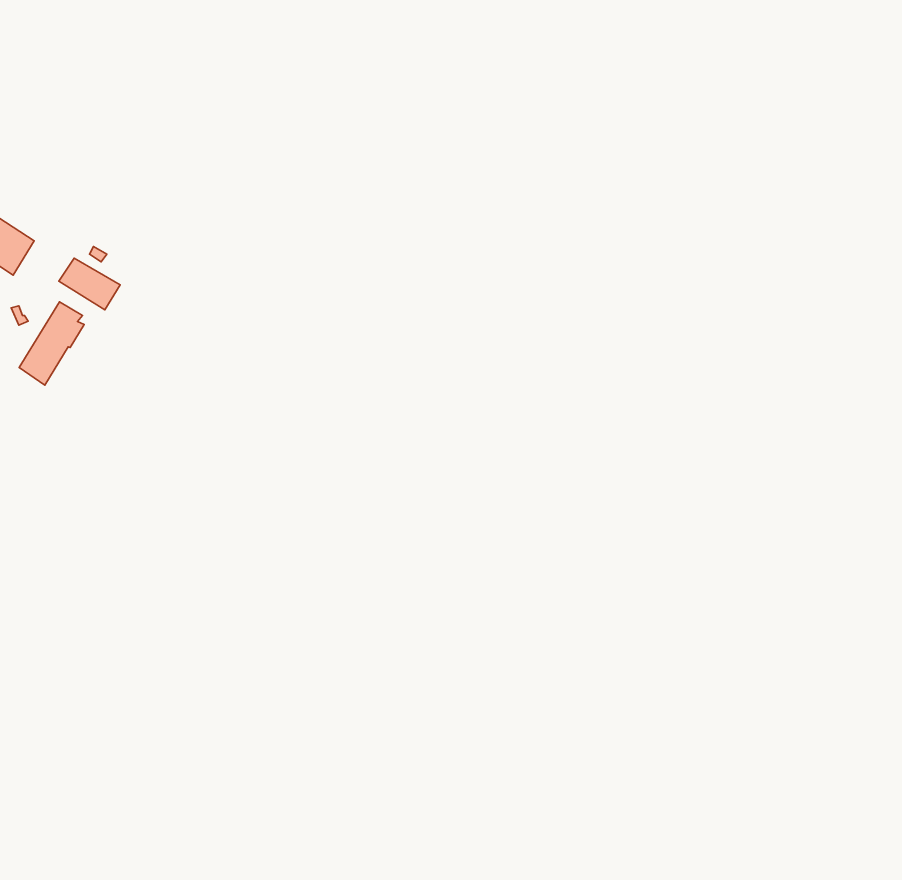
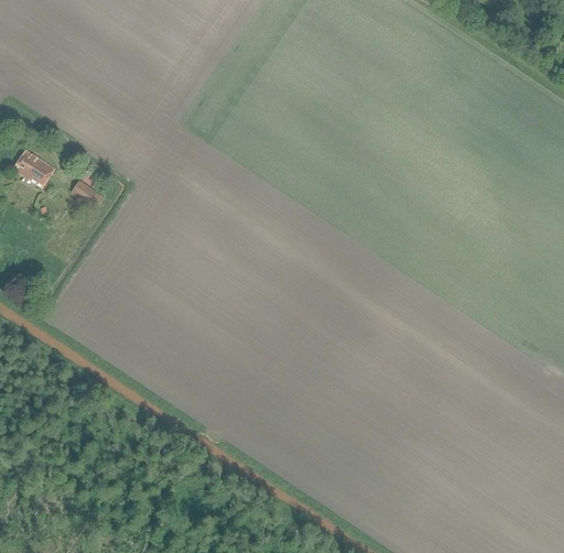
building: [19,302,84,385] -> none

